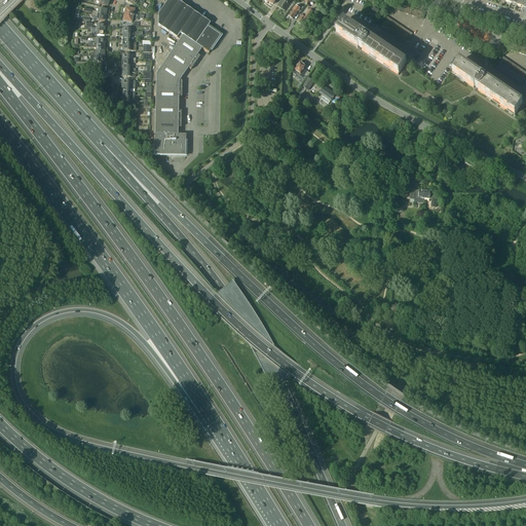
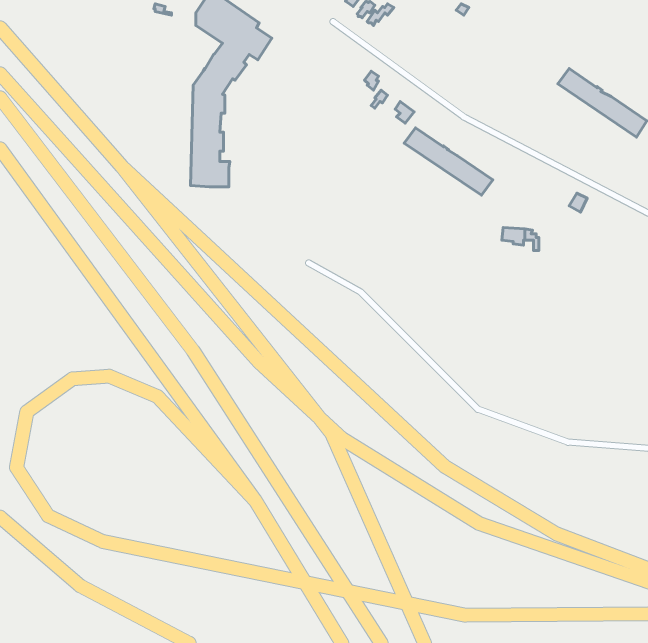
building: [336,15,408,70] -> [404,128,493,195]

